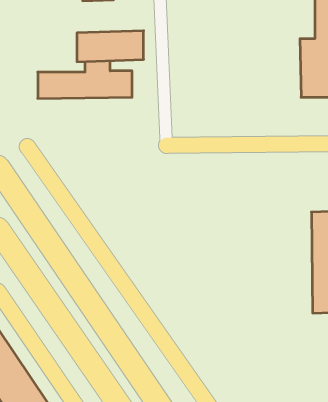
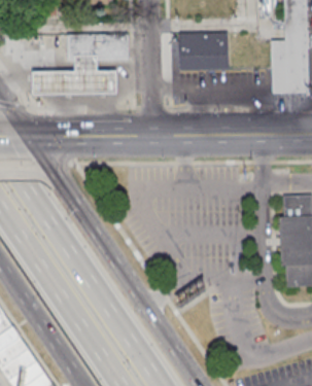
building: none -> [182,32,232,70]

